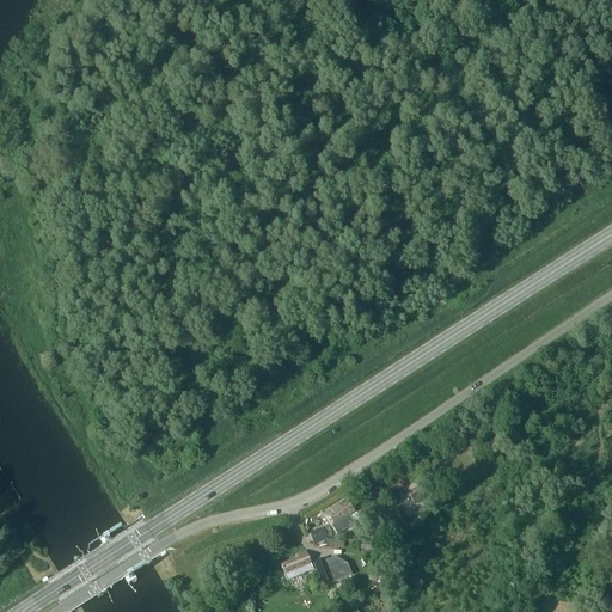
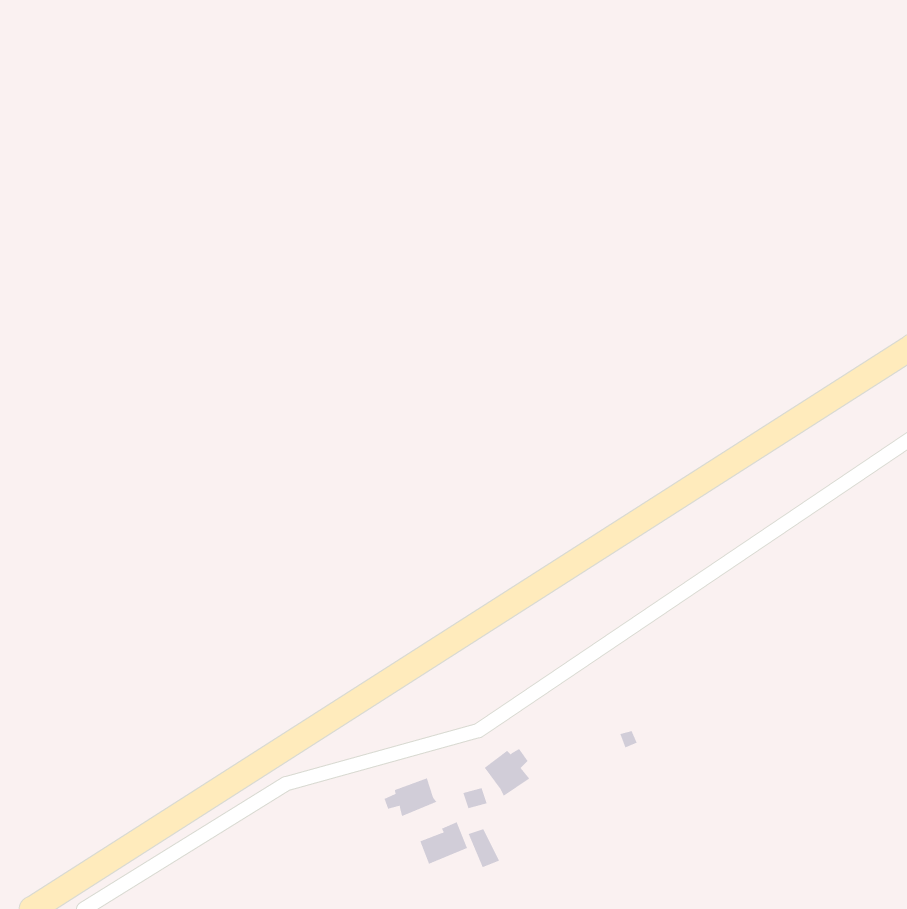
building: none -> [384,777,437,817]

